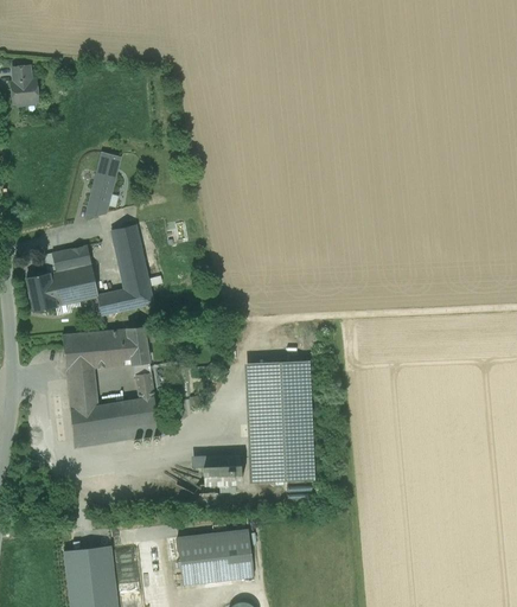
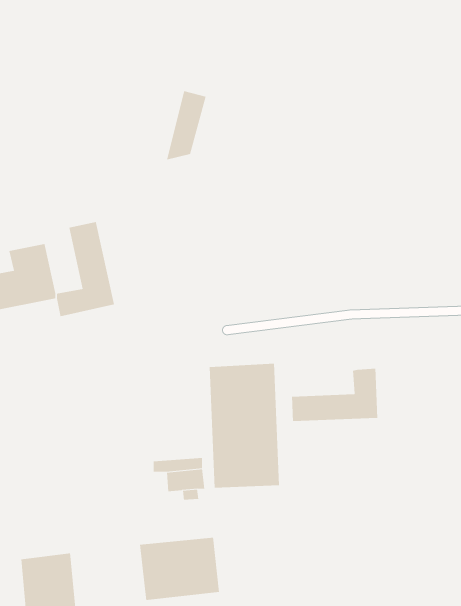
building: [84,153,123,221] -> [166,90,207,160]
building: [63,324,160,446] -> none
building: none -> [292,368,378,422]

